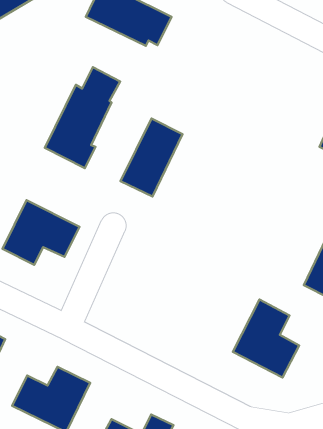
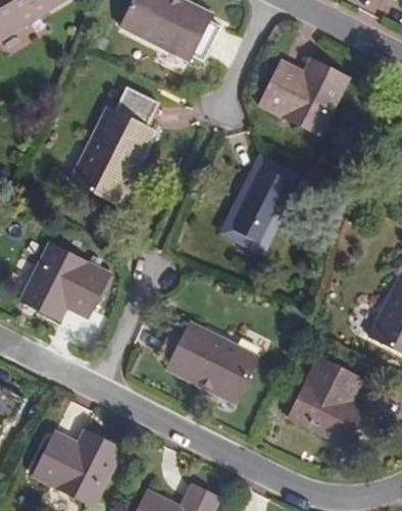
building: none -> [258,61,347,137]
building: [121,118,183,196] -> [223,157,295,247]
building: none -> [157,317,257,399]

